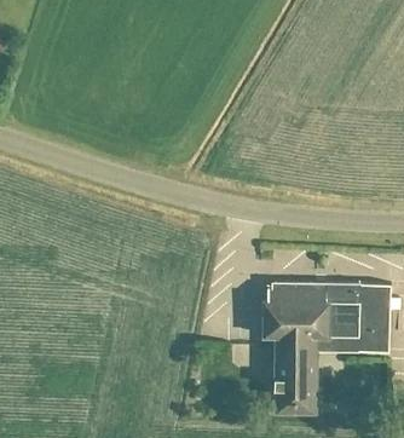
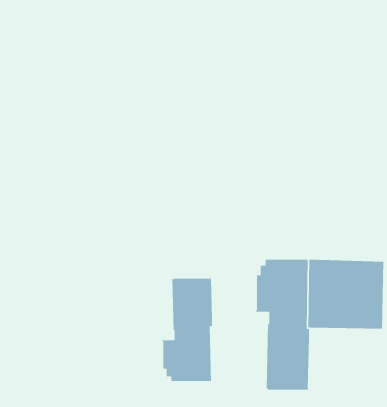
building: none -> [161,278,213,382]

